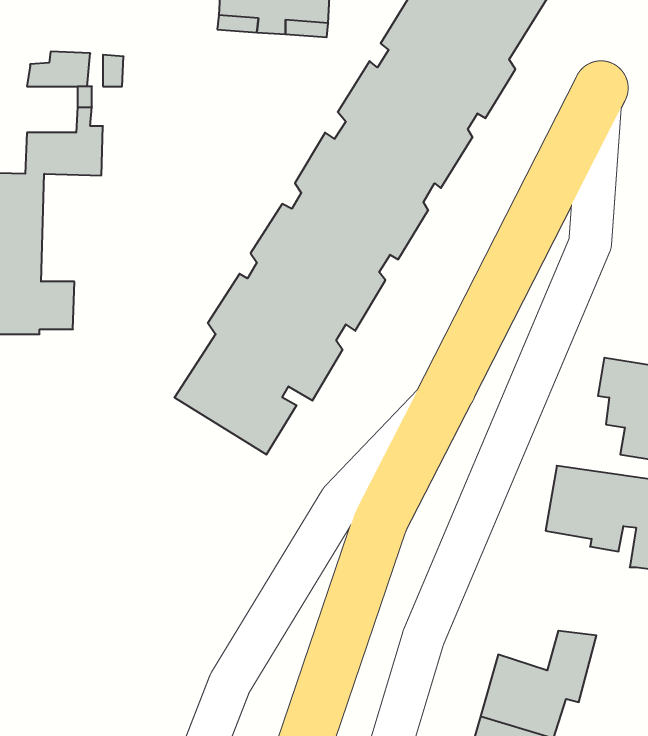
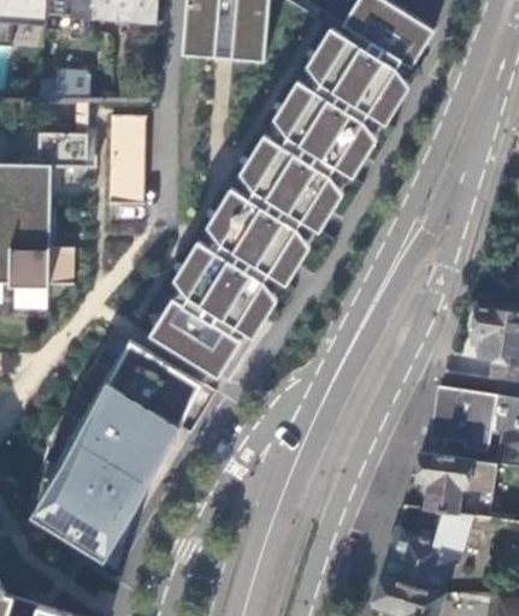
building: none -> [110,116,143,202]
building: none -> [41,337,204,565]
building: none -> [414,451,500,519]

